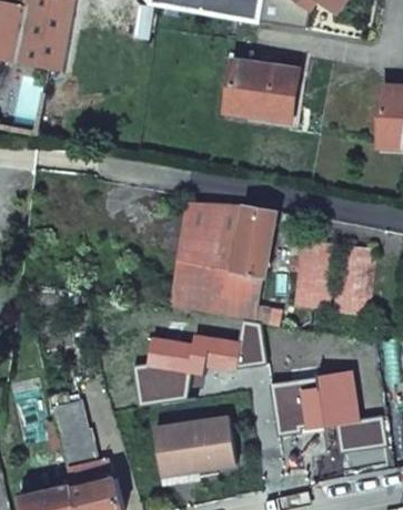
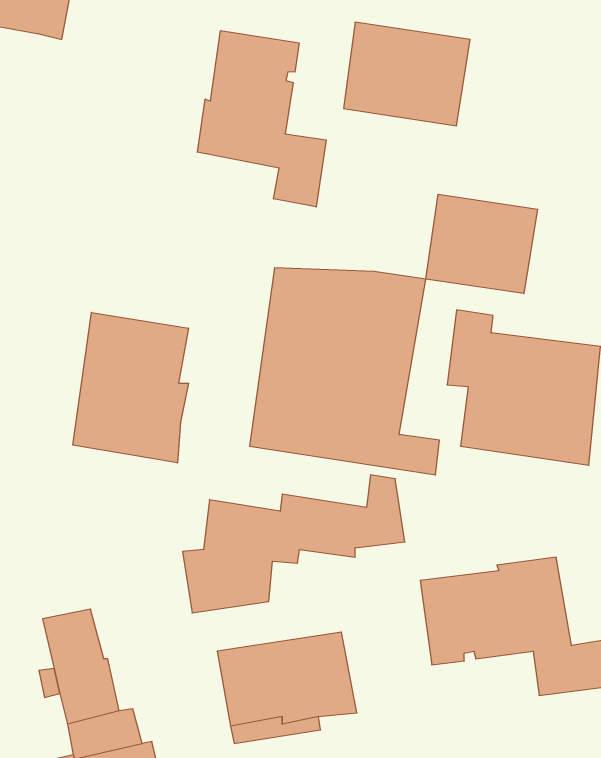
building: none -> [197,31,326,207]
building: none -> [426,194,538,294]
building: none -> [73,312,189,463]

